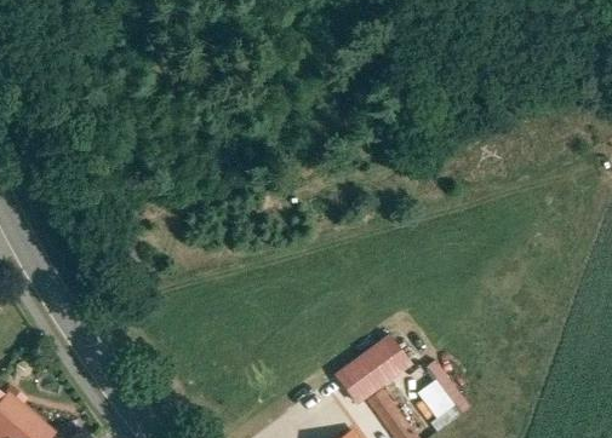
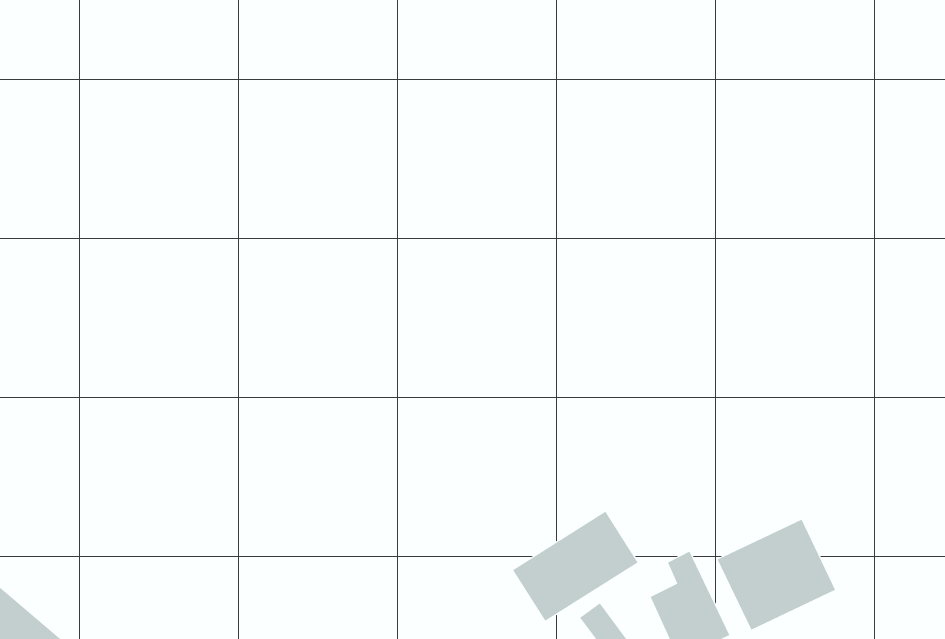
building: none -> [717,519,836,630]

